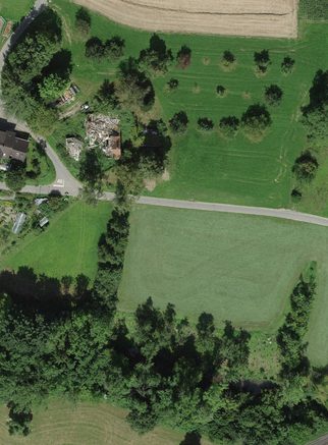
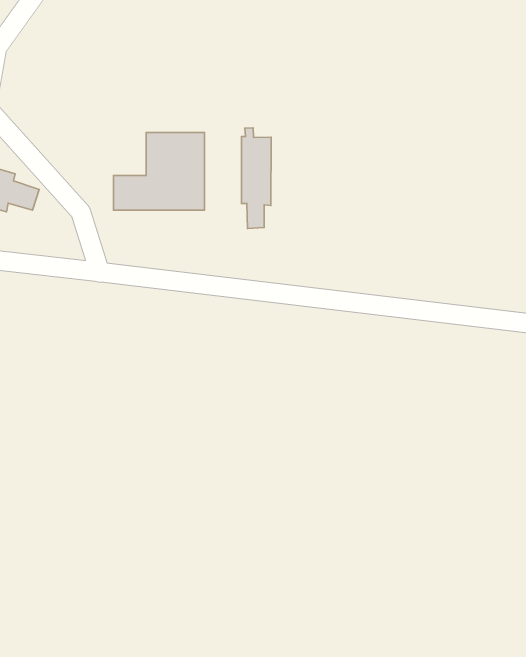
building: none -> [241,128,271,228]

